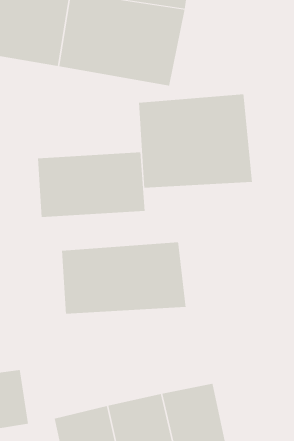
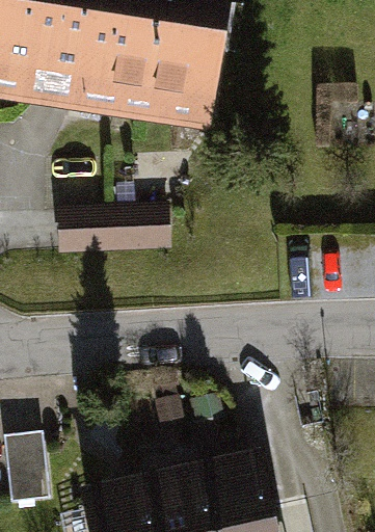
building: [138,94,252,188] -> none
building: [61,241,186,314] -> none

